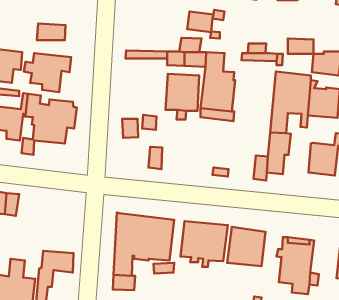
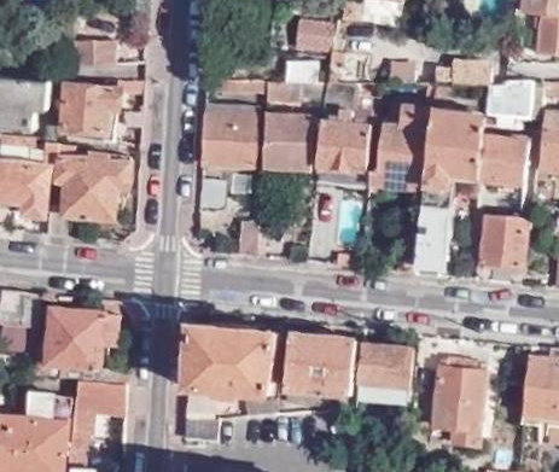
building: none -> [367,104,430,197]
building: none -> [200,113,258,169]
building: none -> [42,310,126,385]

